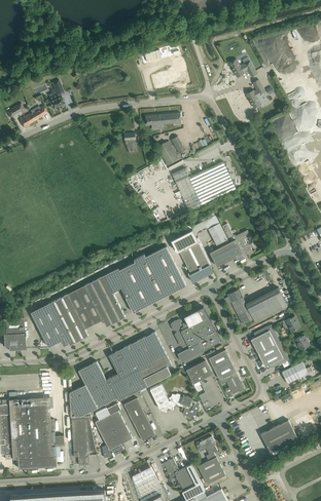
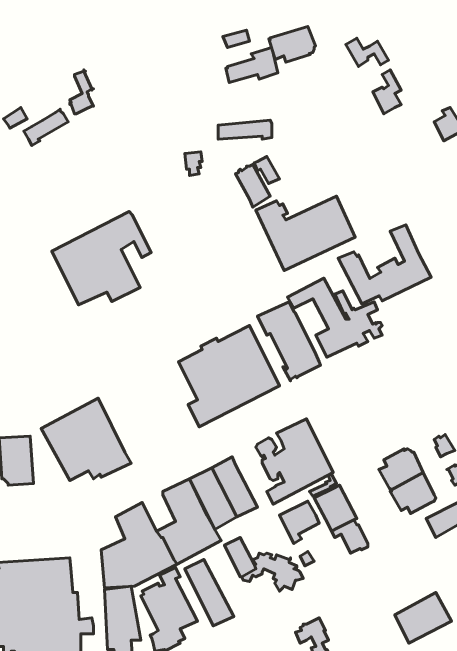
building: none -> [269,26,315,62]
building: [67,268,132,329] -> [52,212,151,305]
building: [226,273,287,324] -> [338,225,431,304]

